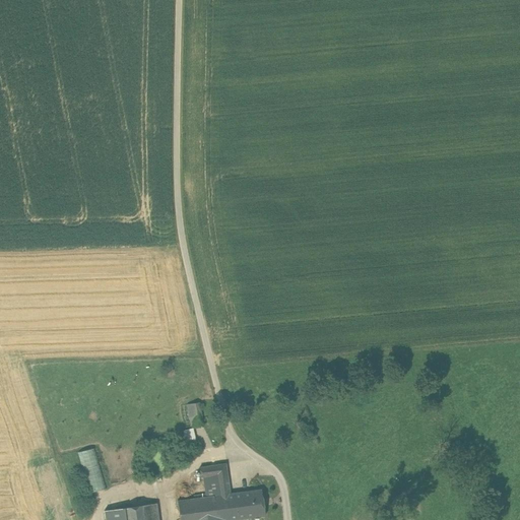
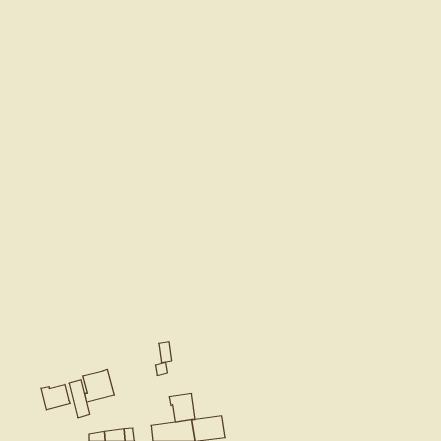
building: none -> [83,369,114,402]
building: none -> [41,384,70,410]

